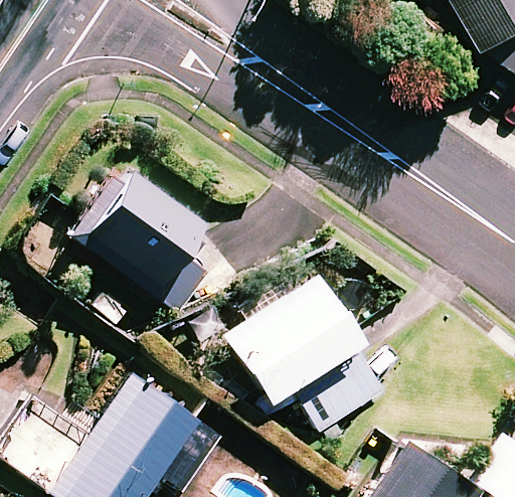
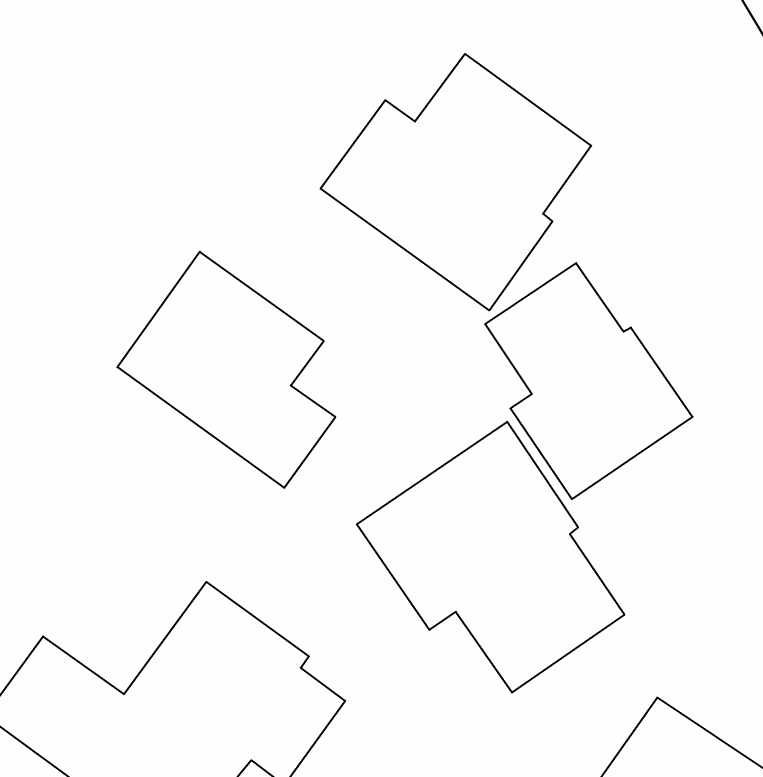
building: none -> [321,54,591,310]
building: none -> [485,263,693,499]

